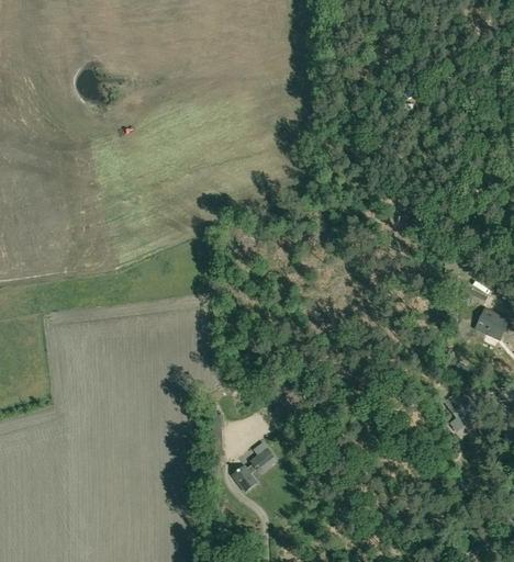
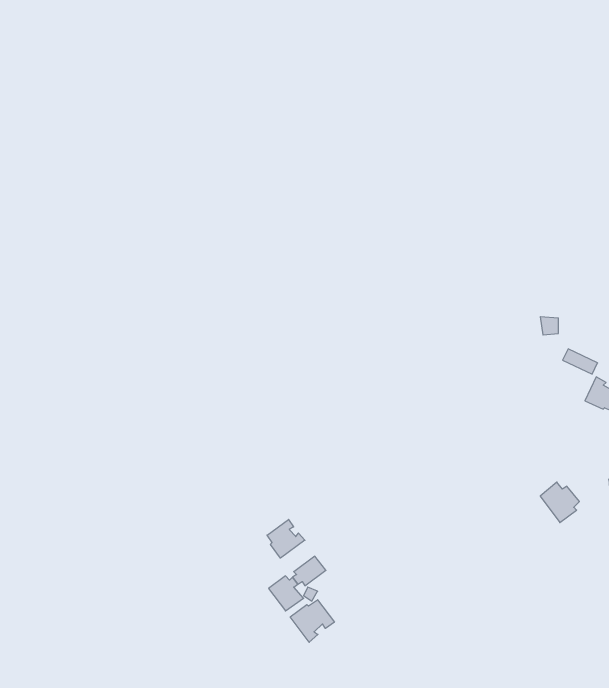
building: none -> [267,519,305,558]
building: none -> [290,600,334,642]

